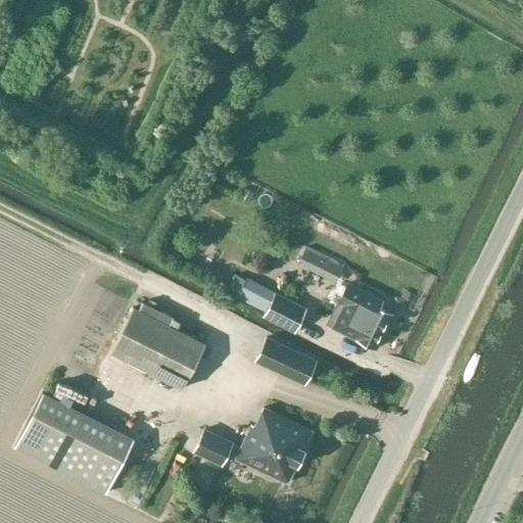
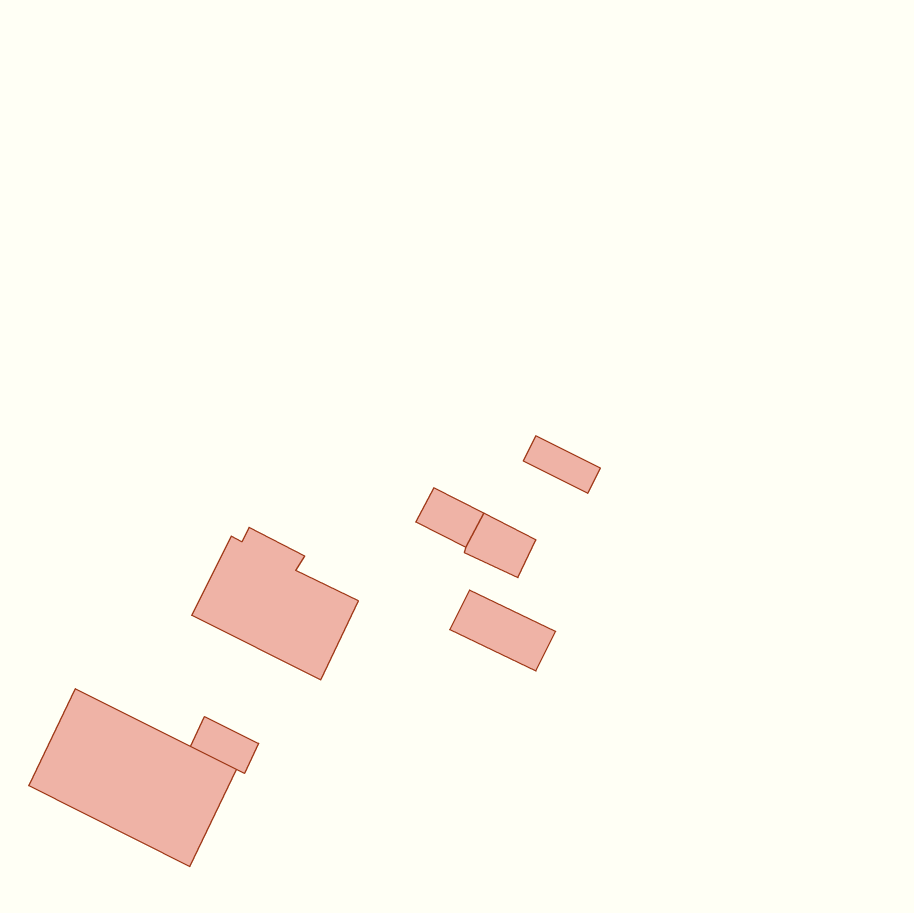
building: [340,285,393,350] -> none
building: [194,408,313,483] -> none
building: none -> [191,717,259,773]

